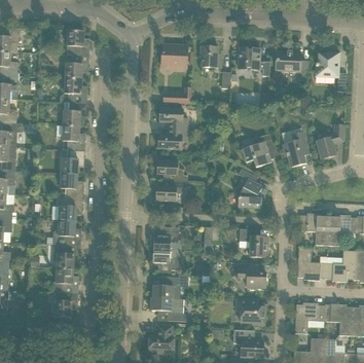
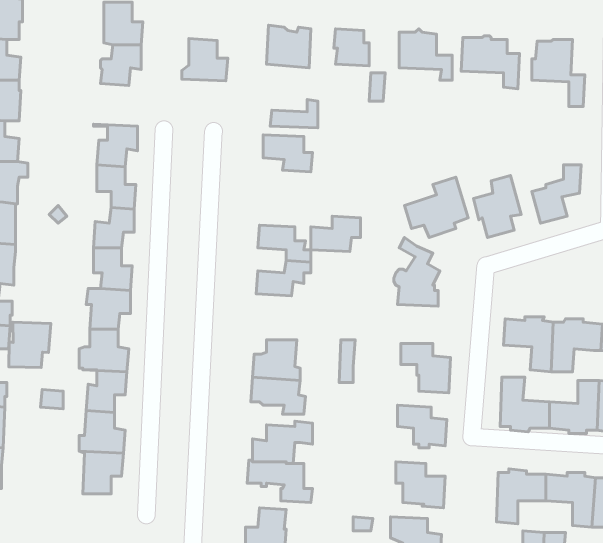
building: [61,77,87,102] -> [182,39,228,81]
building: [158,128,187,148] -> [311,216,360,252]
building: none -> [9,322,51,368]

